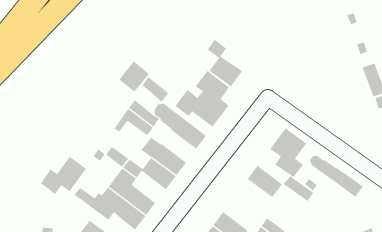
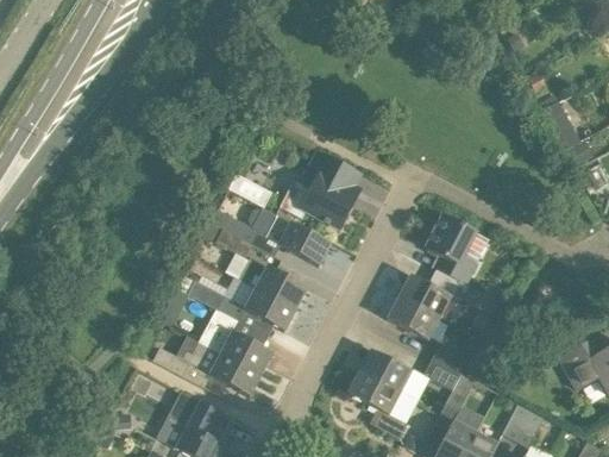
building: [207,39,243,87] -> none
building: [118,61,150,92] -> none
building: [309,155,364,197] -> none
building: [40,156,87,195] -> none
building: none -> [388,298,441,342]

